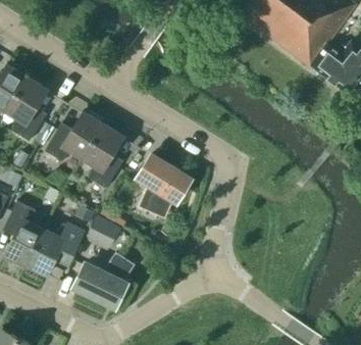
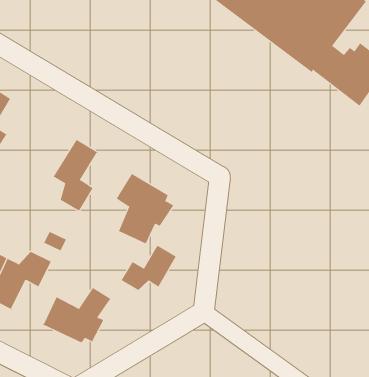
building: [45,111,103,161] -> none
building: [85,215,121,250] -> none
building: none -> [121,244,176,291]

